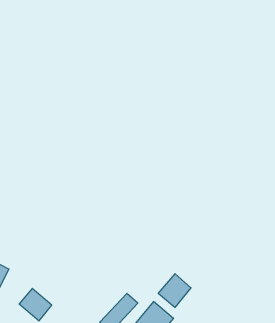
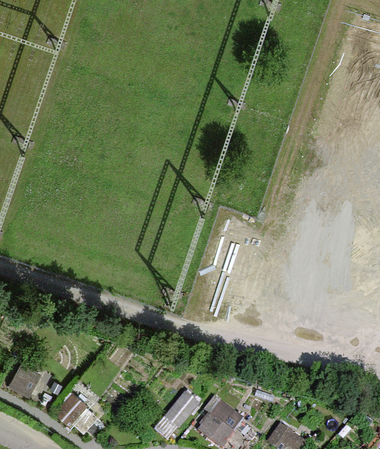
building: [158,274,191,307] -> none

